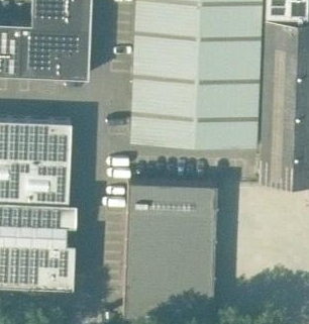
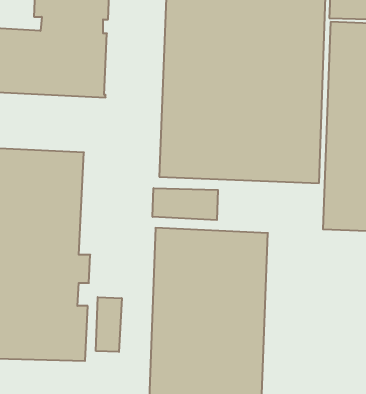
building: none -> [153,188,218,220]
building: none -> [96,297,122,352]

